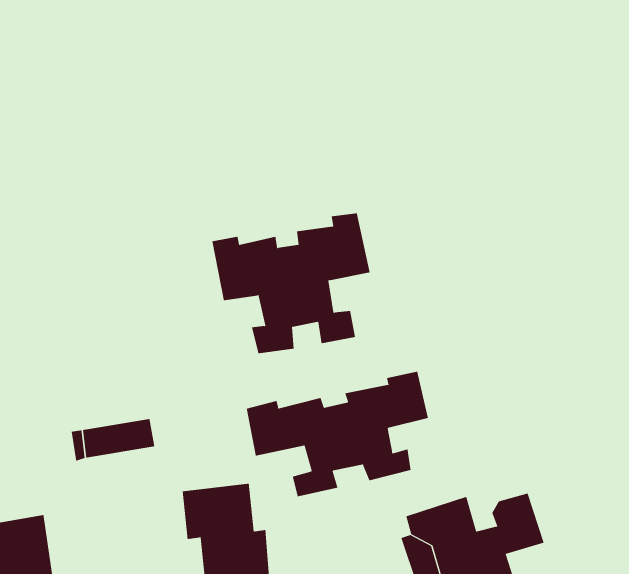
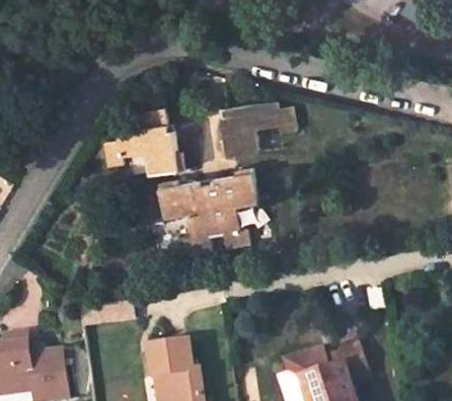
building: none -> [222,100,297,162]
building: none -> [101,111,183,181]
building: [246,371,428,497] -> none

